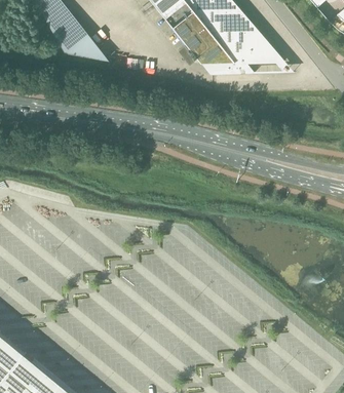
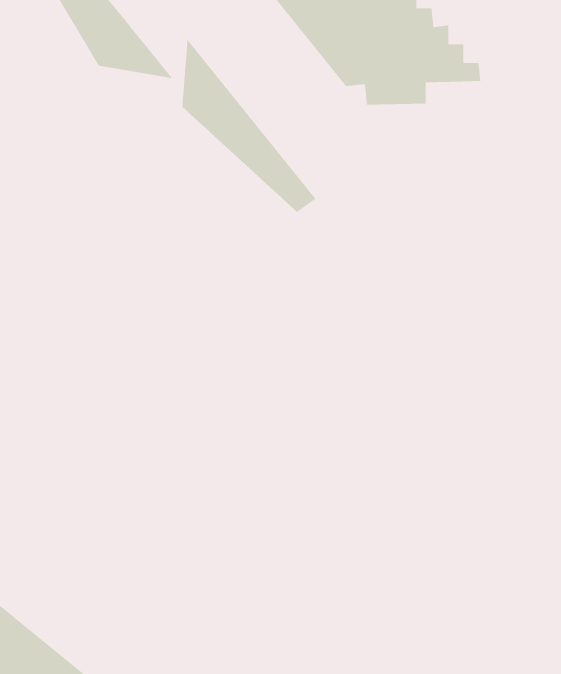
building: none -> [181,38,317,213]

